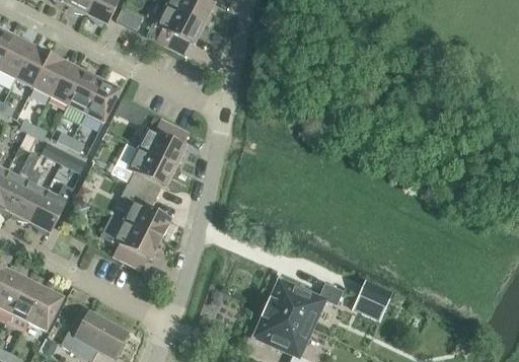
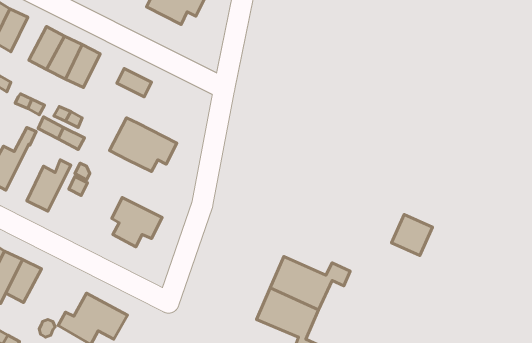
building: [14,45,49,86] -> none
building: [84,80,119,122] -> none
building: [137,115,186,166] -> none
building: [9,167,46,222] -> none
building: [121,183,170,238] -> none
building: [352,280,391,319] -> [392,215,432,255]
building: [26,288,61,330] -> none

